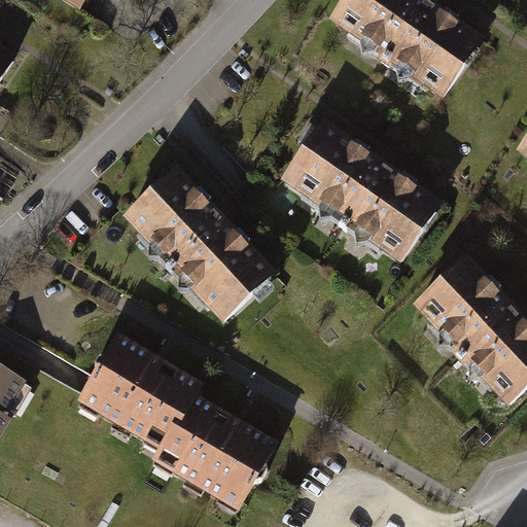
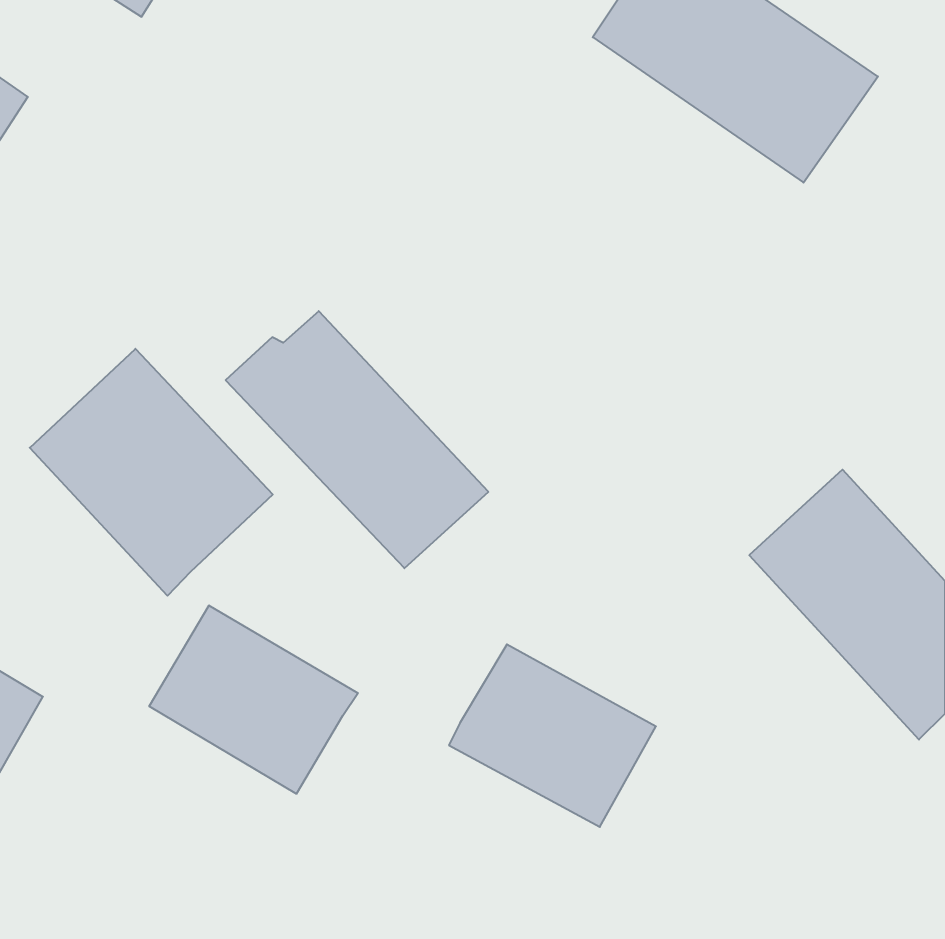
building: [278,116,446,265] -> none
building: none -> [30,349,273,596]
building: [157,395,272,496] -> [449,644,656,827]

